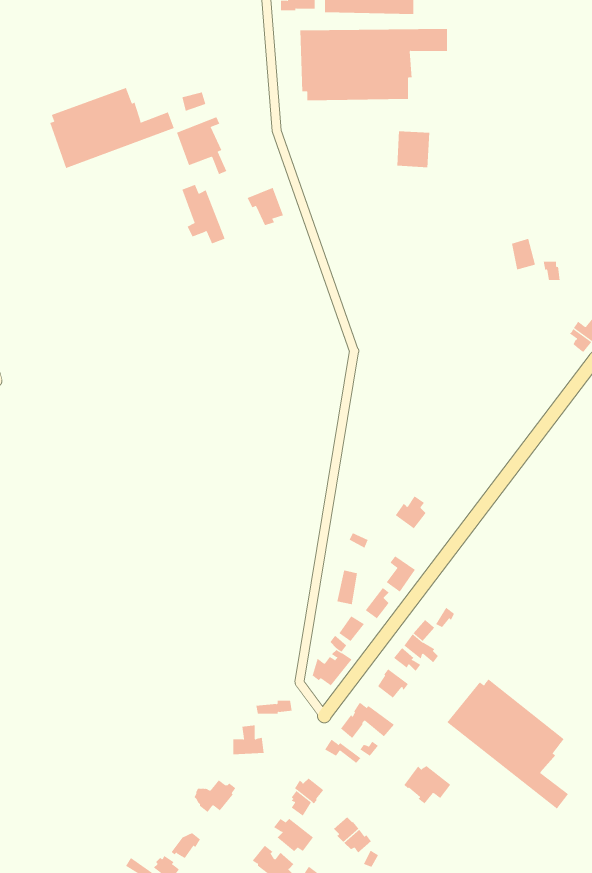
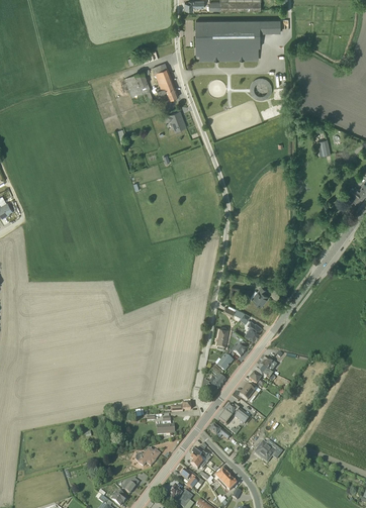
building: [50,87,175,169] -> none
building: [181,184,226,244] -> [153,64,178,98]
building: [446,679,569,809] -> none

